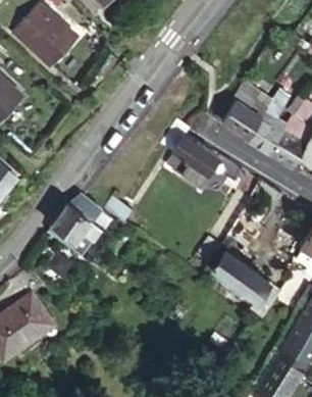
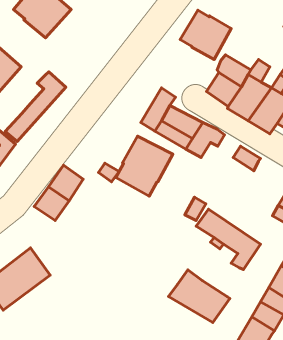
building: none -> [180,10,231,60]
building: none -> [5,72,66,141]
building: none -> [116,136,173,196]
building: none -> [168,270,230,322]

